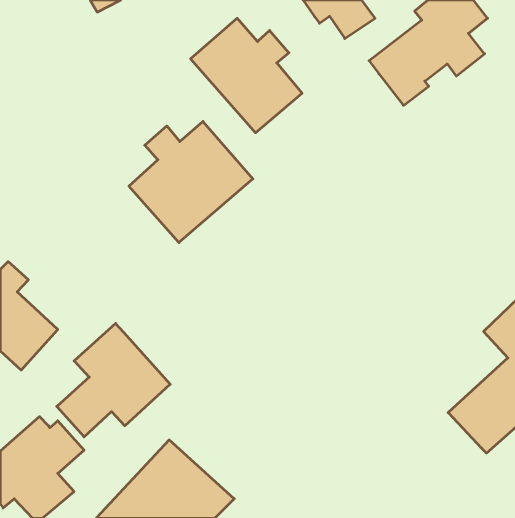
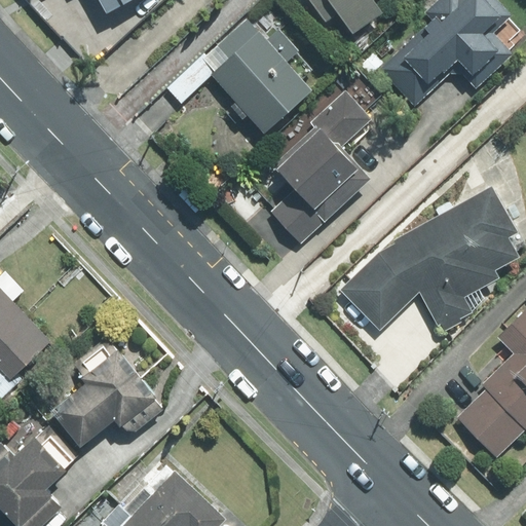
building: none -> [271,90,373,245]
building: [129,121,253,243] -> none
building: none -> [339,191,513,333]

